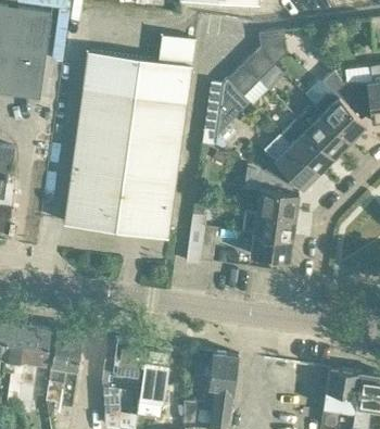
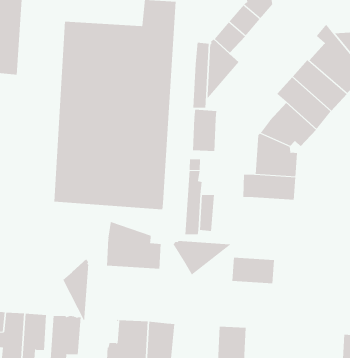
building: none -> [192,109,217,152]
building: [250,232,292,261] -> [232,257,275,284]
building: none -> [107,221,161,269]
building: none -> [173,240,239,275]
building: none -> [63,258,89,331]

